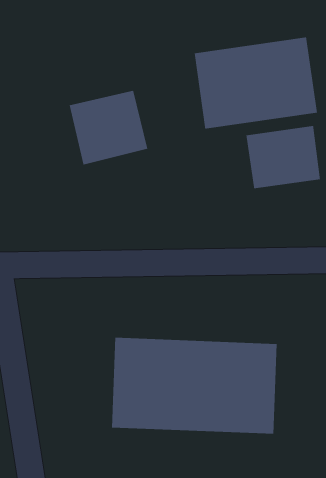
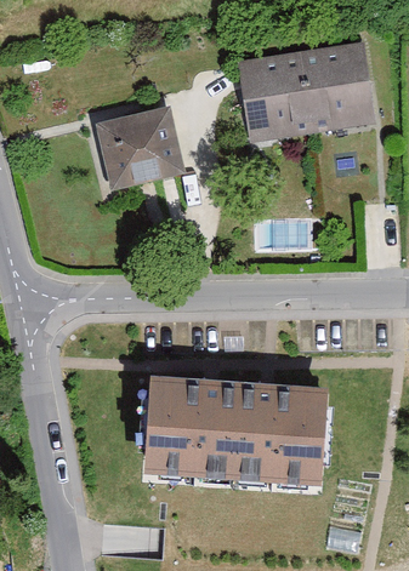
building: [246,125,320,189] -> none

